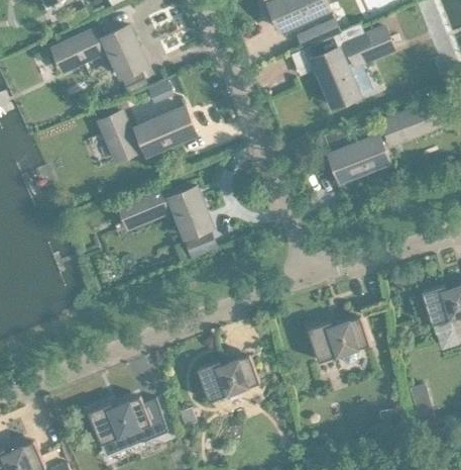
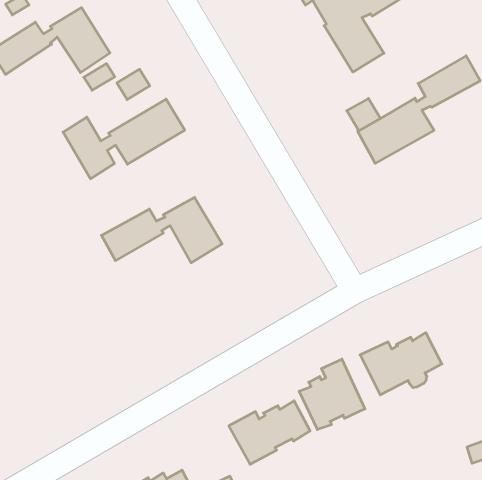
building: [185,230,216,258] -> none
building: none -> [299,359,365,430]

